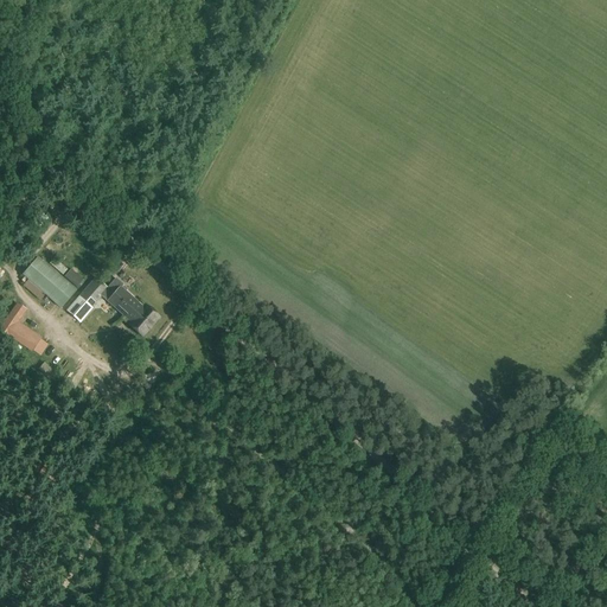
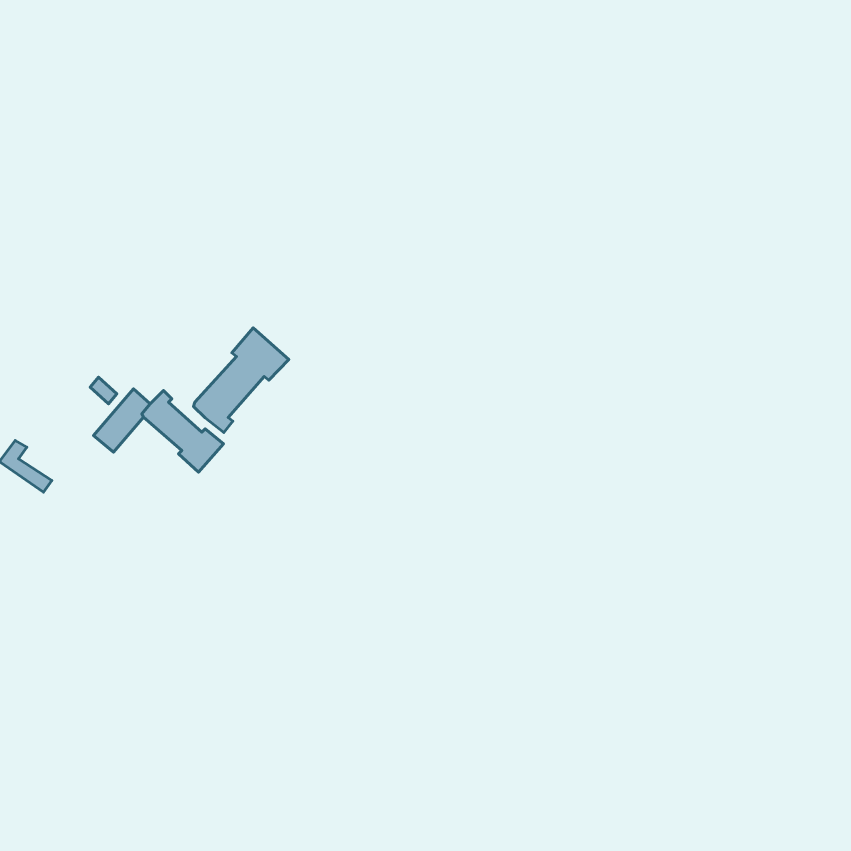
building: none -> [193,328,289,432]
building: [23,256,77,307] -> none

